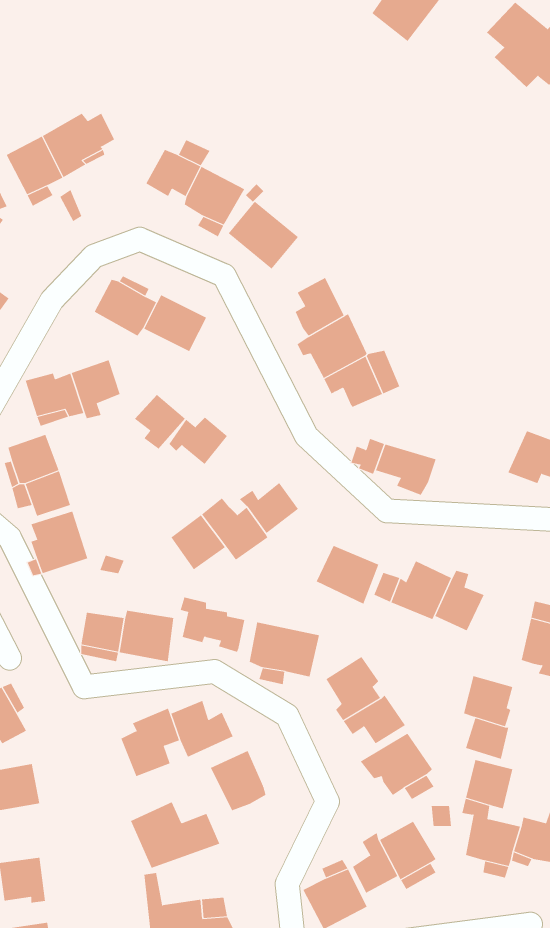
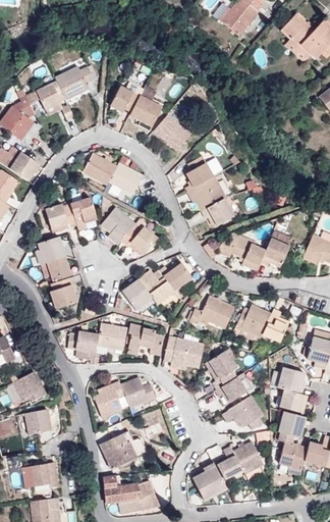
building: none -> [260,239,291,265]
building: [210,750,266,811] -> none

